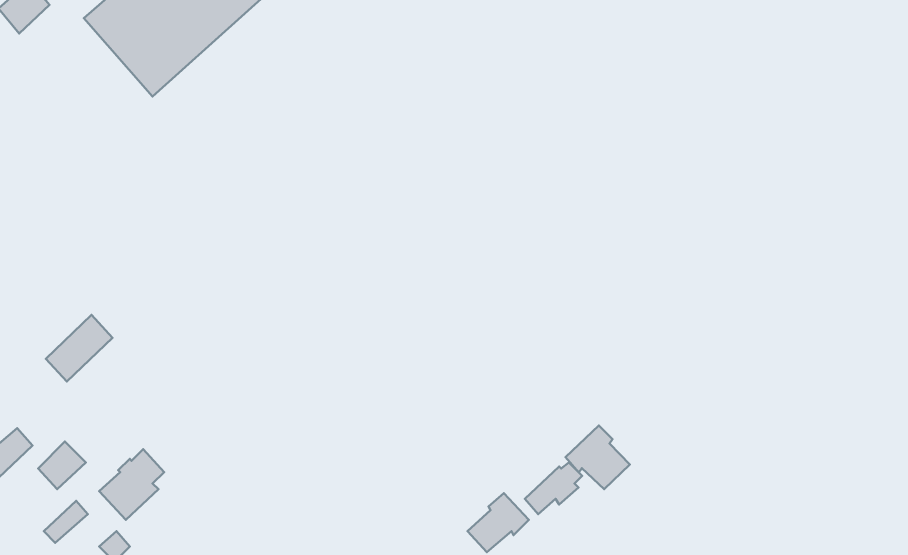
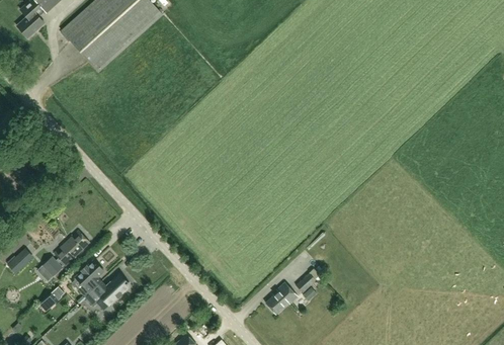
building: [46,315,113,382] -> [54,231,89,266]
building: [565,426,630,489] -> none
building: none -> [84,272,132,307]

